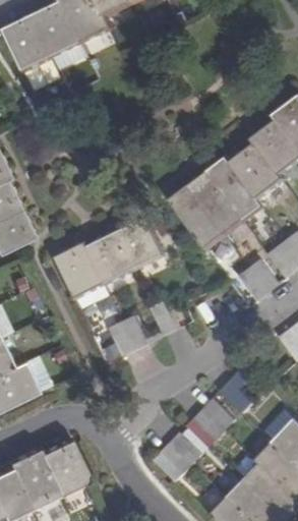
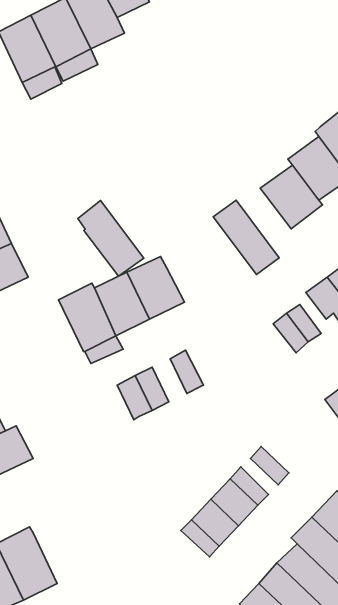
building: [206,158,261,221] -> none
building: [168,186,224,250] -> [78,200,144,276]
building: [35,440,83,497] -> none

